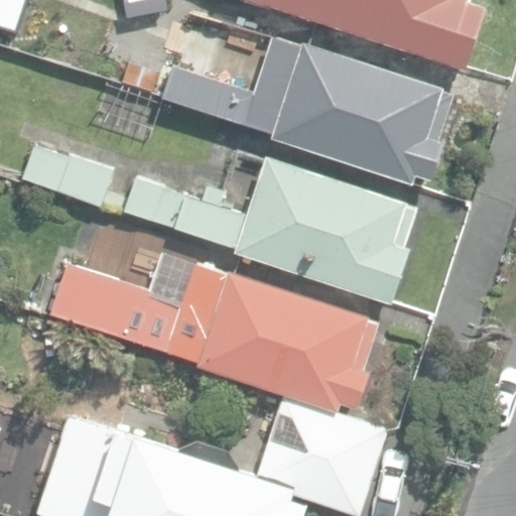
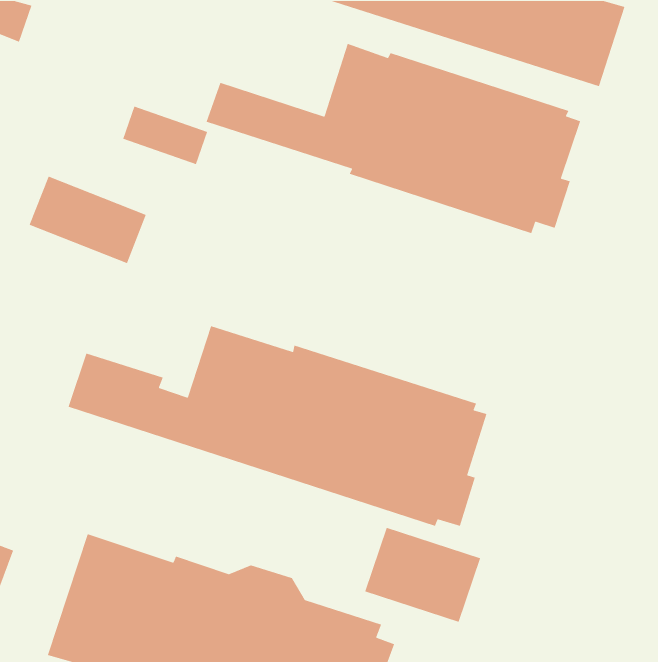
building: [124,156,414,303] -> none

